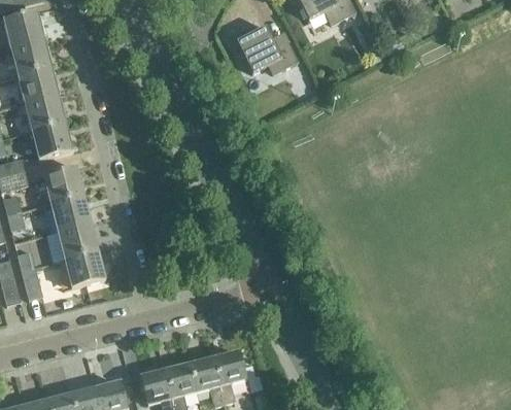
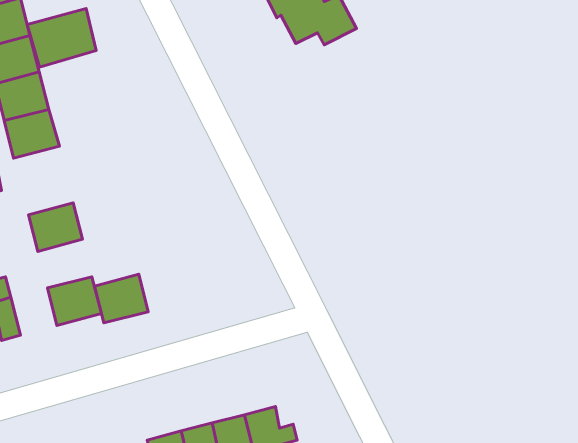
building: none -> [27,9,96,67]
building: [41,168,82,204] -> none
building: [56,223,97,260] -> [94,274,148,323]

